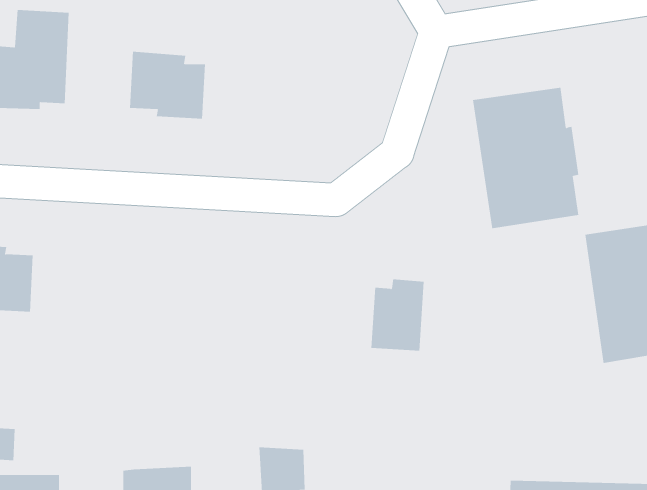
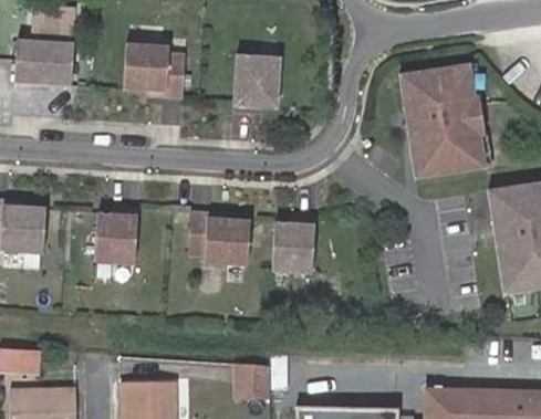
building: none -> [235,55,278,113]
building: none -> [98,207,141,263]
building: none -> [190,211,251,264]
building: [370,279,424,351] -> [270,214,313,272]

